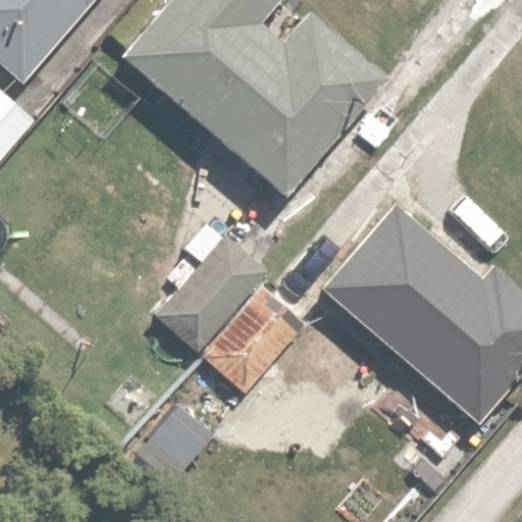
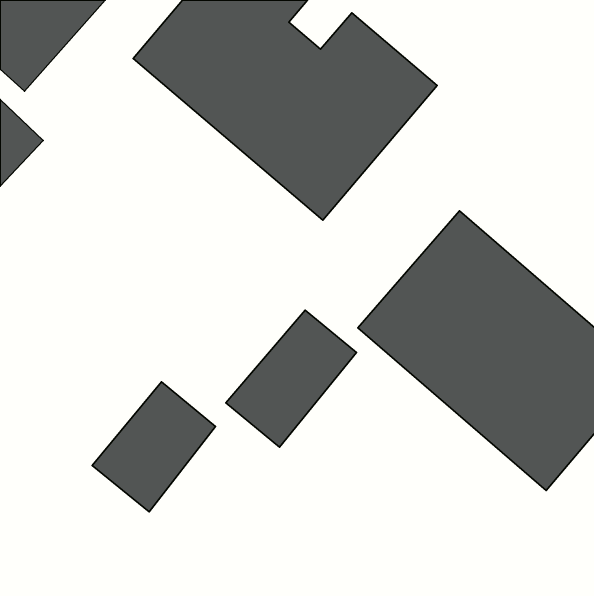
building: [154,233,269,353] -> none
building: none -> [92,382,215,512]

